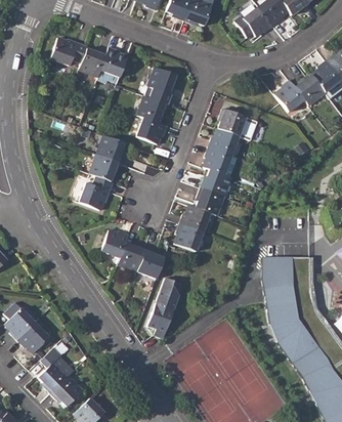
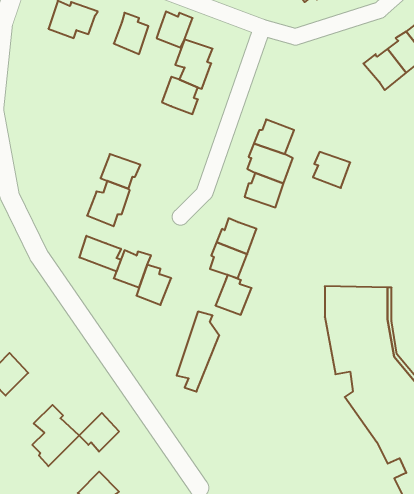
building: [79,48,106,76] -> [157,11,193,47]
building: [273,80,304,113] -> none
building: [217,109,246,136] -> [313,152,350,188]
building: [137,118,167,144] -> none
building: [97,135,125,163] -> none
building: [196,187,224,215] -> none
building: none -> [79,236,121,271]
building: [136,247,164,278] -> [215,275,252,315]
building: [17,323,49,352] -> none
building: [50,377,81,407] -> [79,413,119,452]

